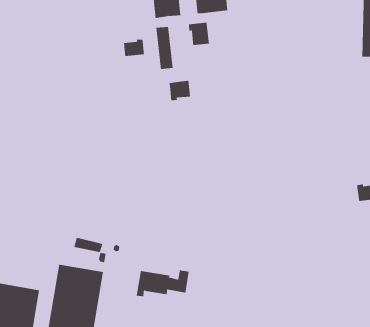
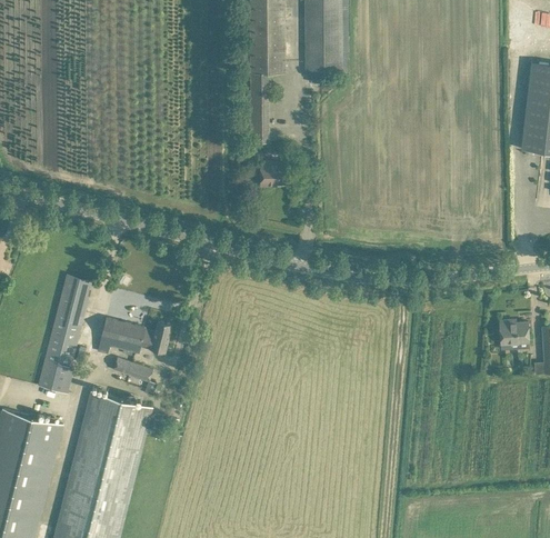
building: [188,22,209,46] -> none
building: [124,39,144,57] -> none
building: none -> [38,275,92,395]
building: [136,270,189,297] -> [97,318,171,353]

